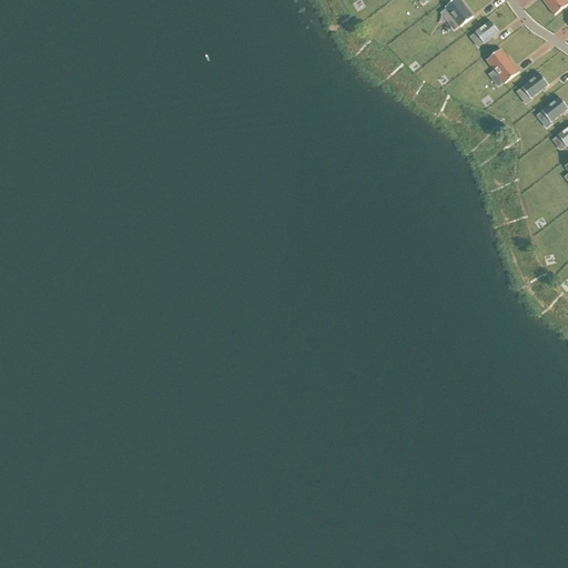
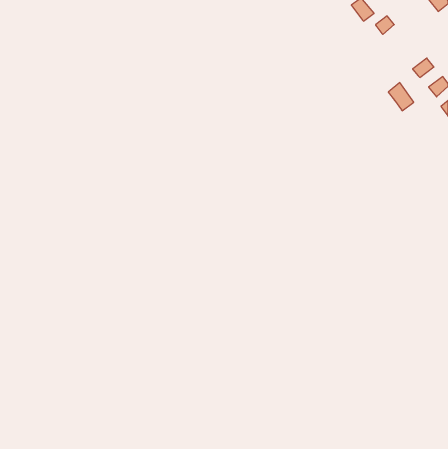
building: [485,48,517,83] -> [388,83,414,111]

